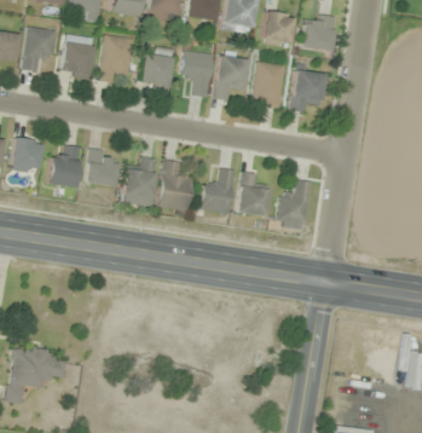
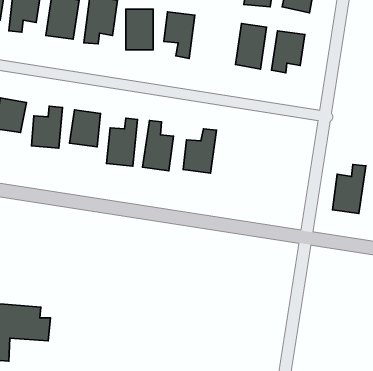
building: [214,56,248,102] -> none
building: [237,173,267,216] -> none
building: [277,181,311,231] -> [332,164,366,214]

